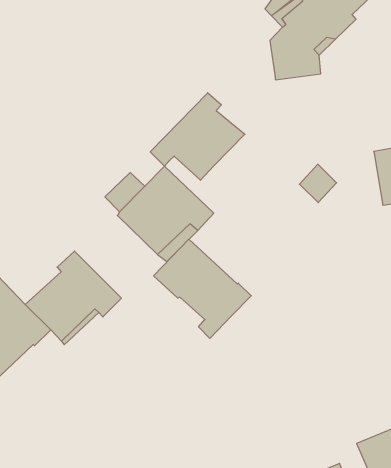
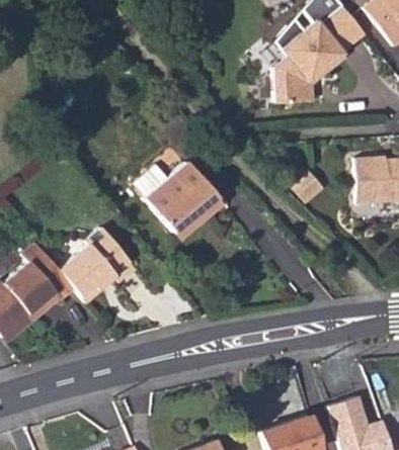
building: [150,93,245,180] -> none
building: [154,239,251,338] -> none

